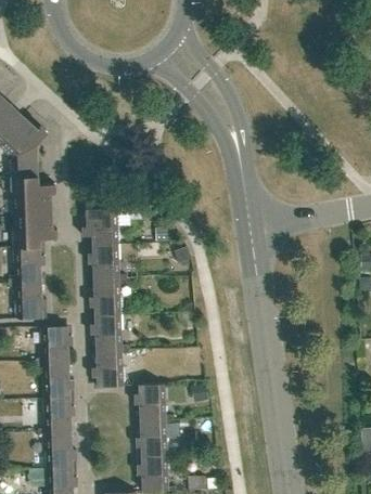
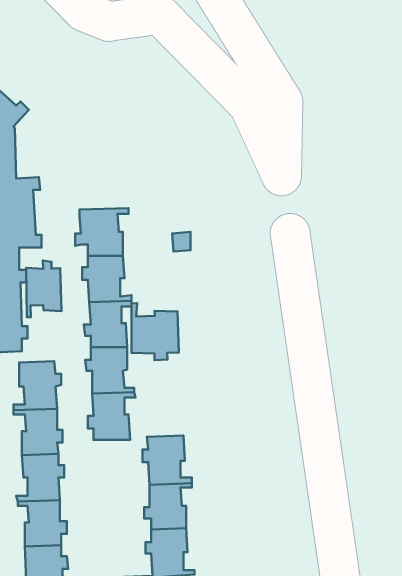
building: none -> [26,261,62,317]
building: none -> [131,303,179,360]

